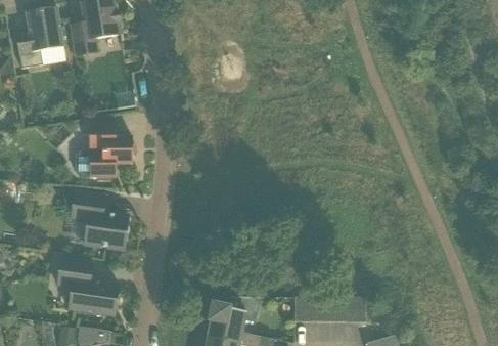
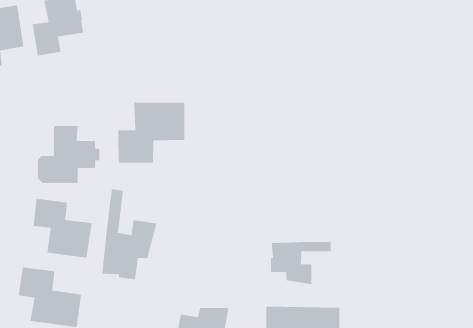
building: none -> [118,102,185,164]
building: none -> [102,188,157,280]
building: none -> [270,241,331,285]

